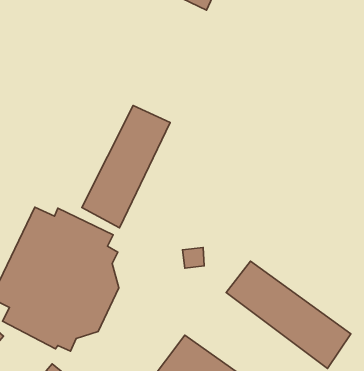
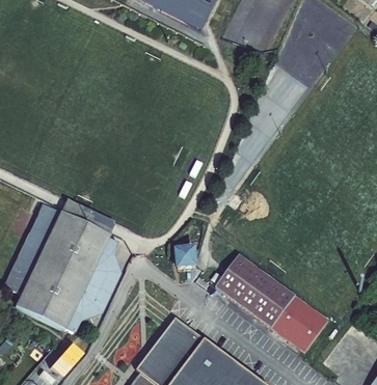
building: [82,106,170,228] -> none

